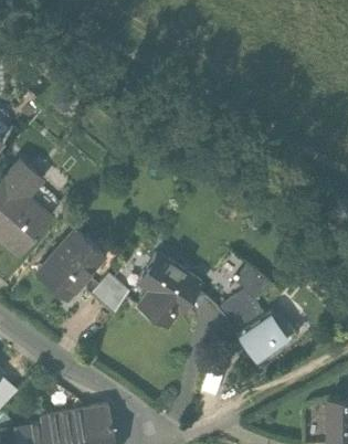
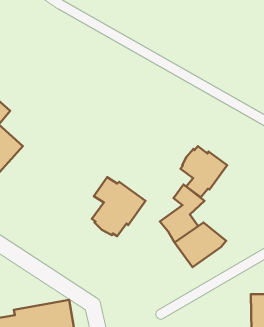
building: none -> [181,146,227,197]
building: [35,231,104,297] -> none
building: [88,274,129,317] -> none

